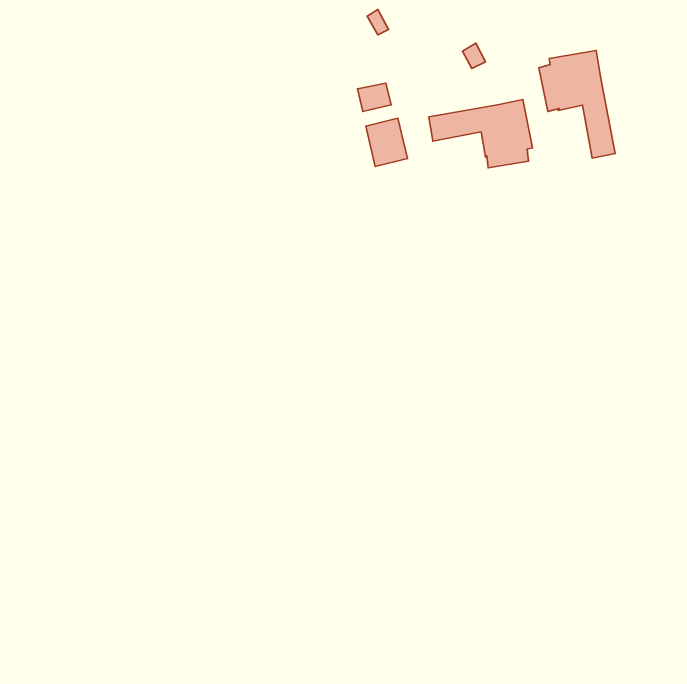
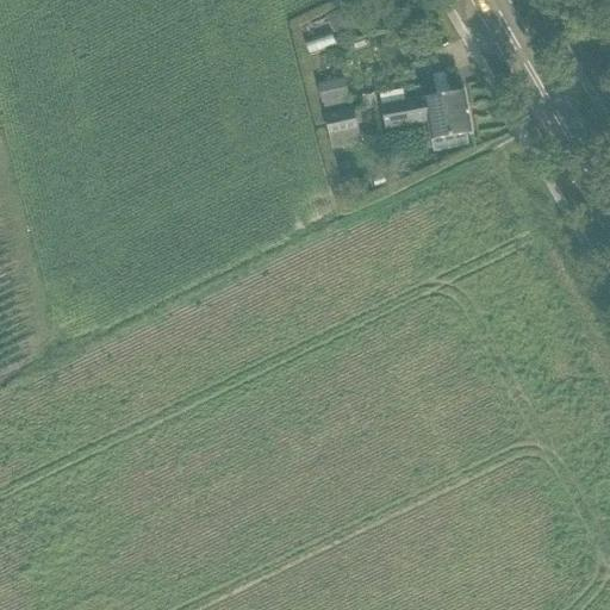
building: [539,50,615,158] -> none

